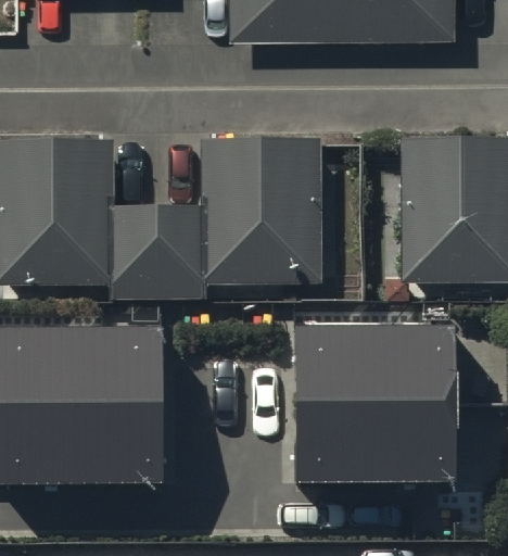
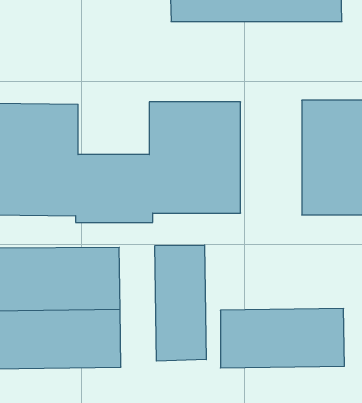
building: none -> [155,245,206,361]
building: [295,326,456,408] -> none

